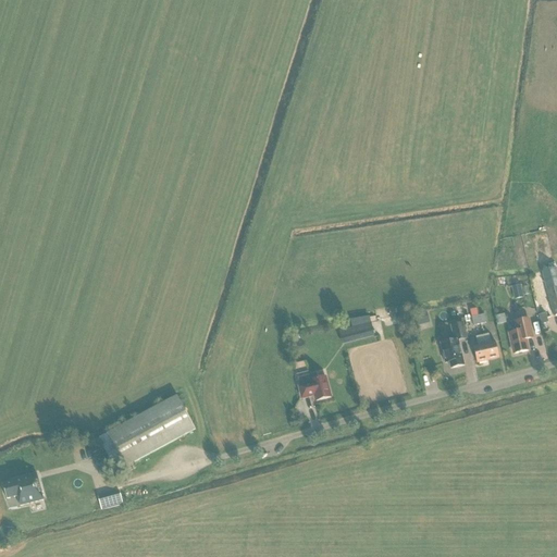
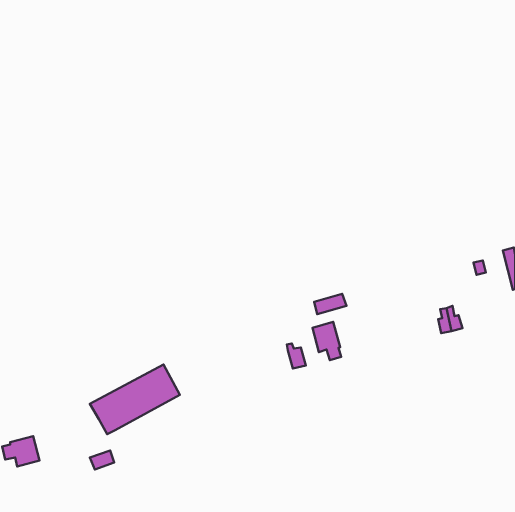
building: [508,315,531,350] -> none
building: [440,320,465,366] -> none
building: none -> [312,322,341,360]

